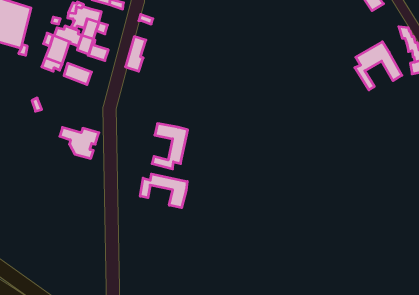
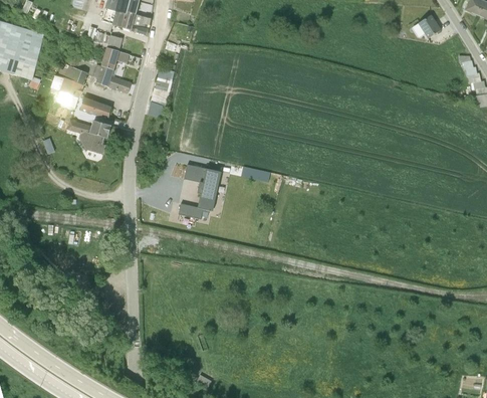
building: [355,42,402,90] -> none
building: [60,127,99,158] -> [67,119,111,154]
building: [140,174,187,208] -> none

